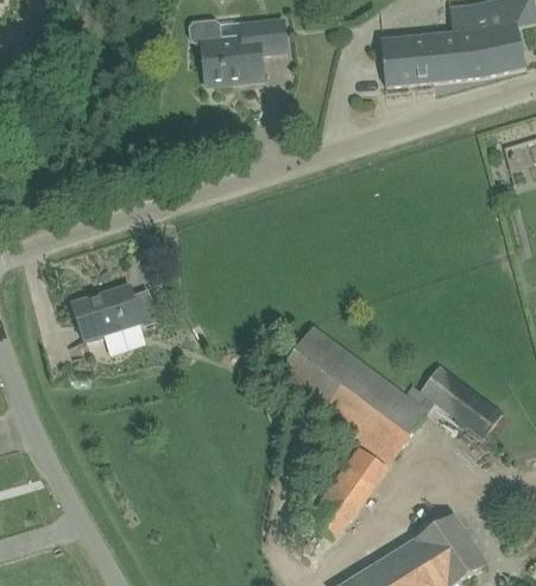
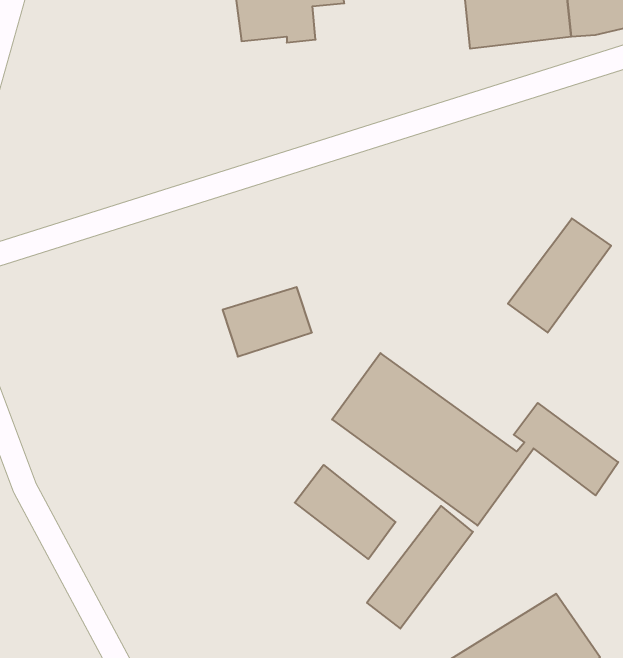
building: none -> [508,218,611,333]
building: [71,285,141,340] -> [223,287,312,357]
building: none -> [295,465,396,559]

